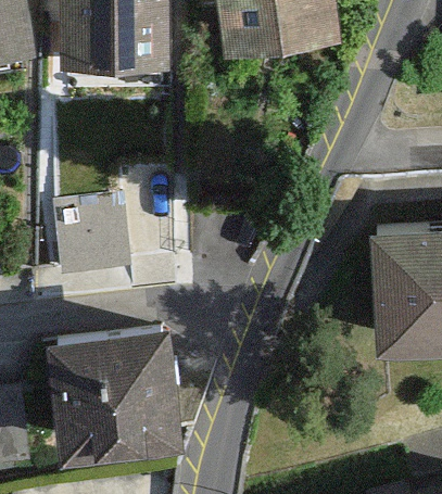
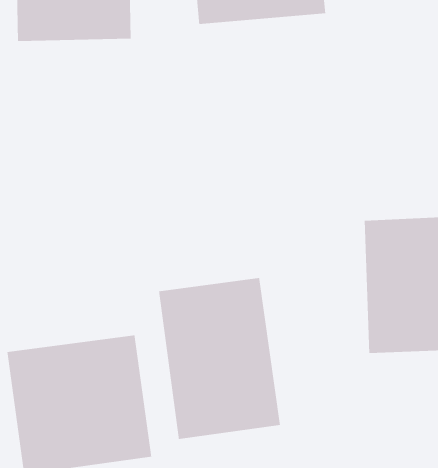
building: [59,190,128,259] -> none
building: none -> [158,277,281,440]

